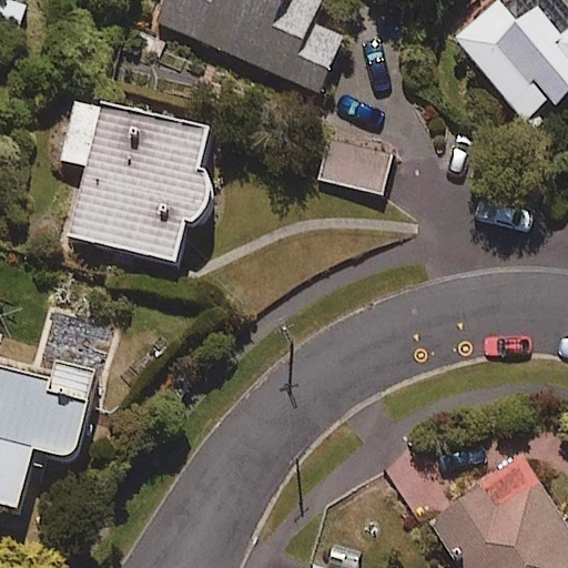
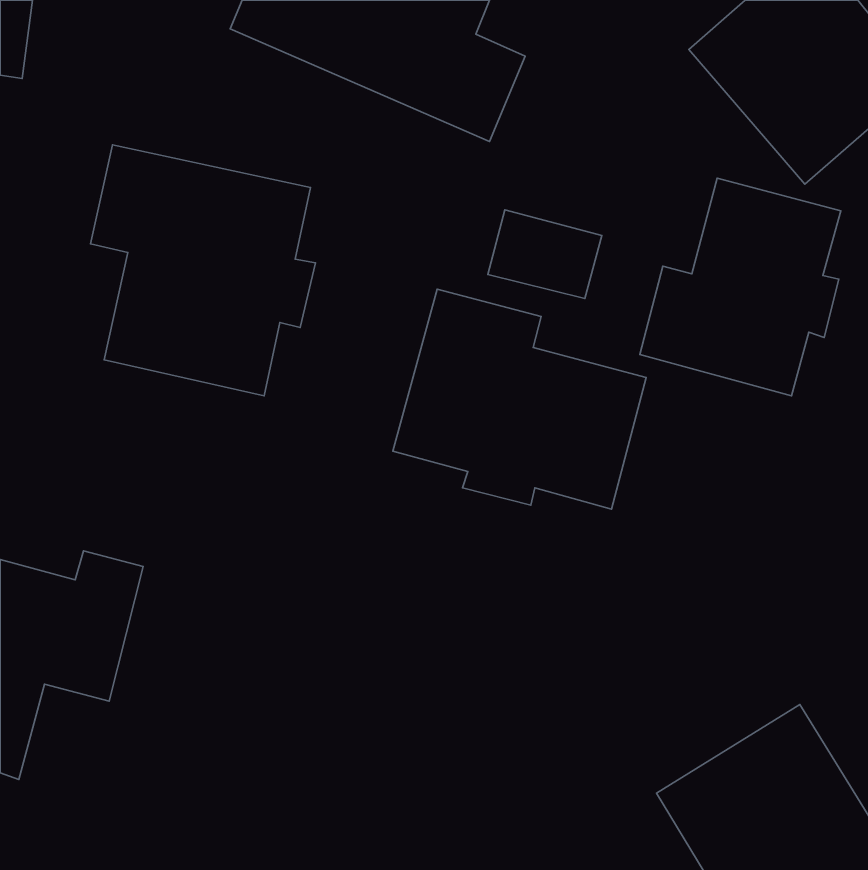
building: none -> [640,178,841,396]
building: none -> [393,289,646,509]

